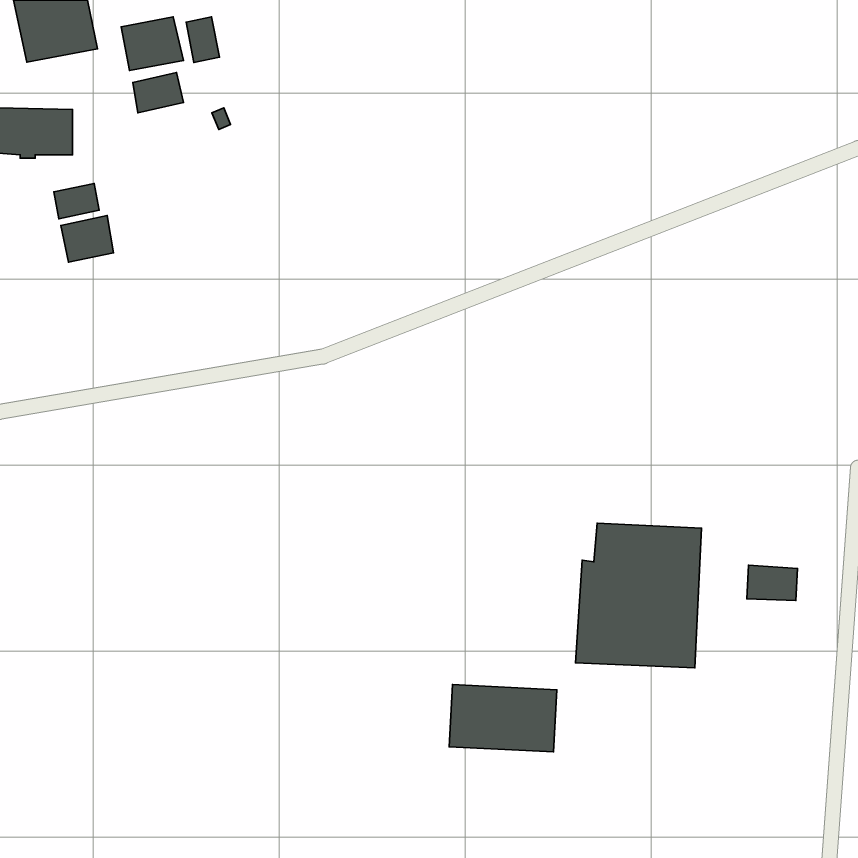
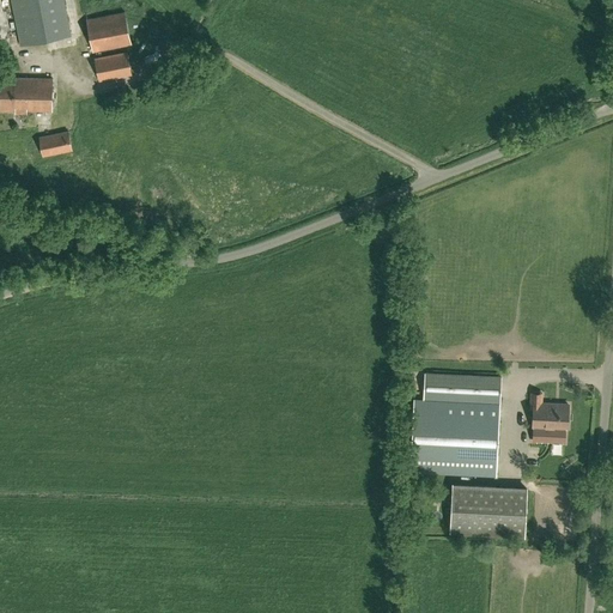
building: [186,17,219,63] -> none
building: [61,216,114,262] -> none
building: [449,685,557,752] -> [449,486,526,534]

